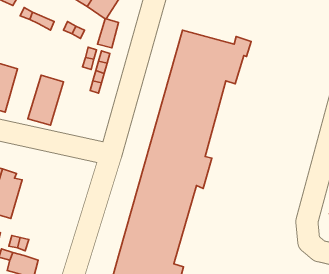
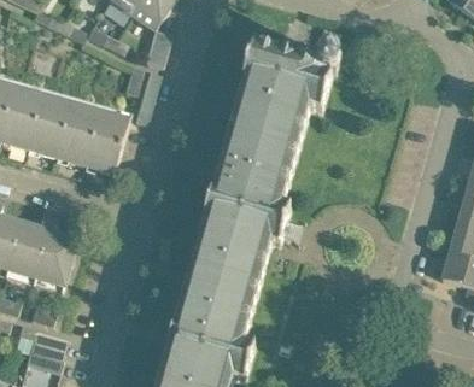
building: none -> [27,93,72,157]
building: none -> [84,110,131,174]
building: none -> [34,231,78,293]

